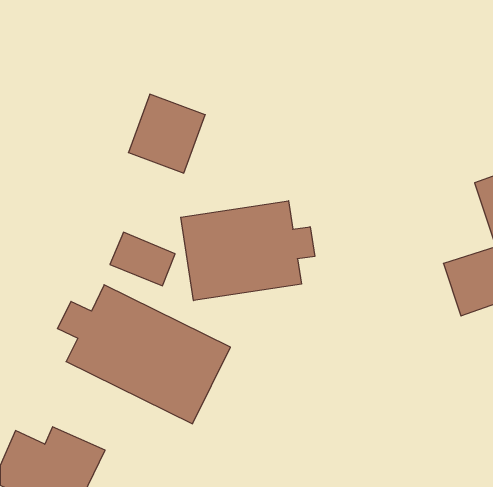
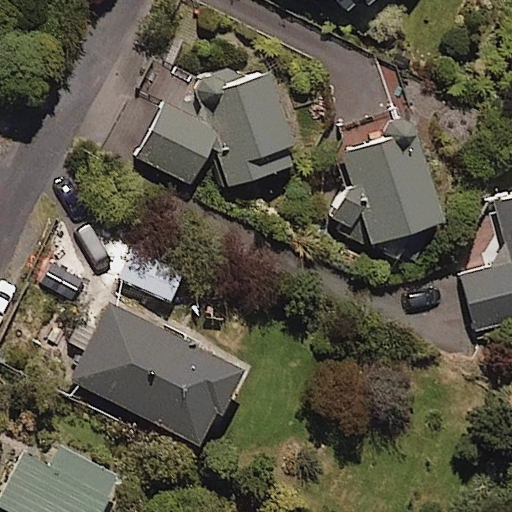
building: none -> [210,70,296,192]
building: none -> [335,116,443,246]
building: [181,201,315,301] -> none

